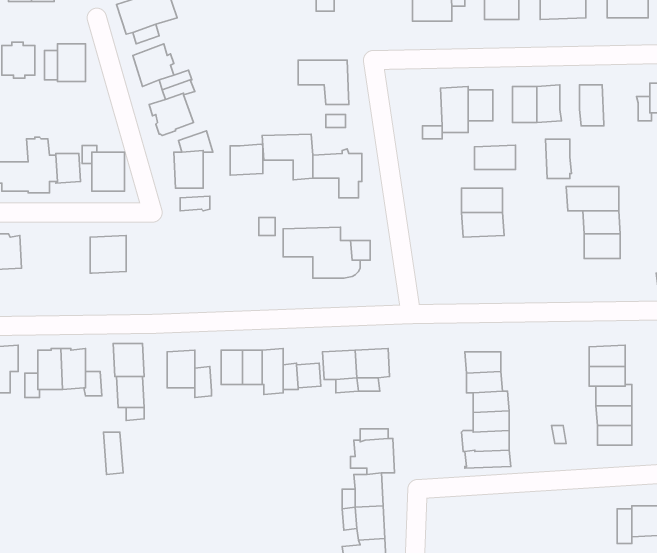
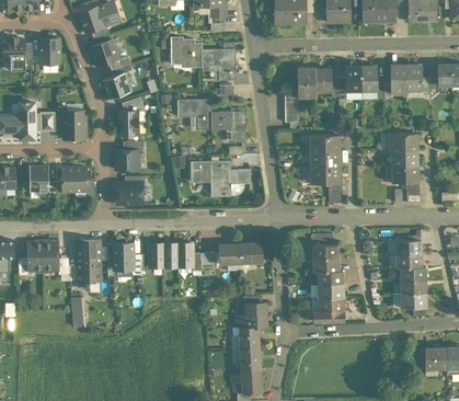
building: none -> [169,37,202,67]
building: [545,139,572,179] -> [405,66,423,92]
building: [230,144,263,175] -> [116,149,138,170]
building: [475,145,515,170] -> [312,167,340,183]
building: none -> [30,164,49,196]
building: none -> [116,182,142,204]

